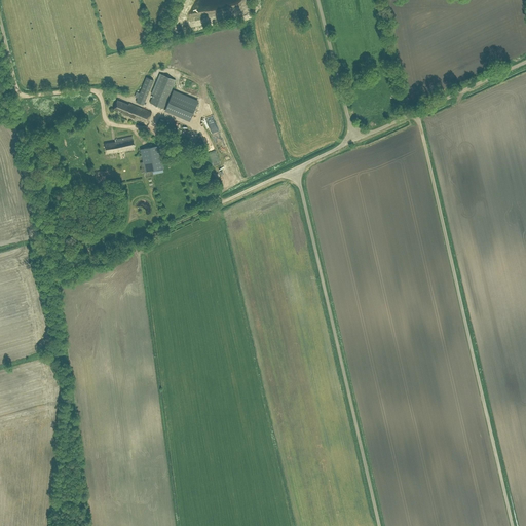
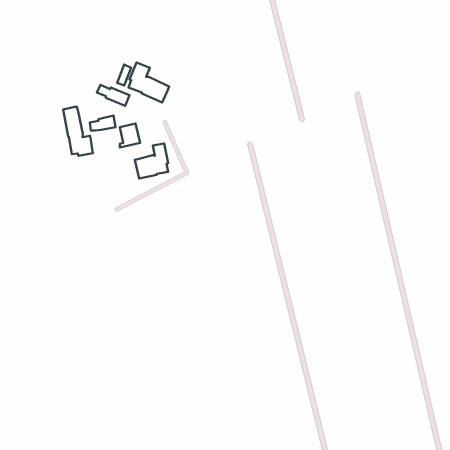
building: none -> [63,107,93,156]
building: none -> [135,144,168,179]

